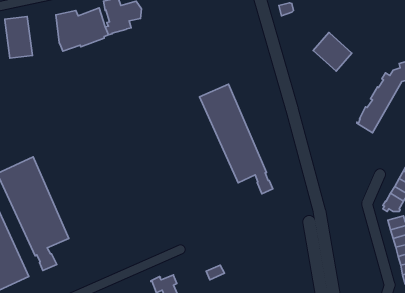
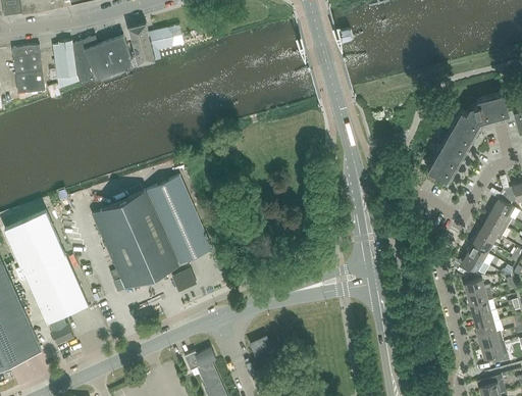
building: none -> [53,41,76,79]
building: [313,33,352,71] -> none
building: [200,84,273,194] -> none
building: none -> [92,176,212,292]

